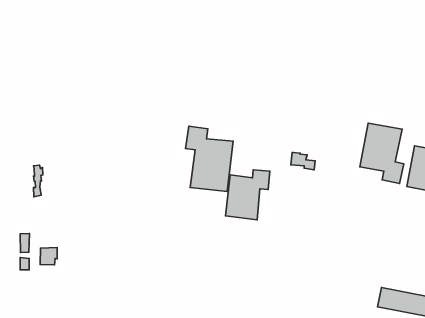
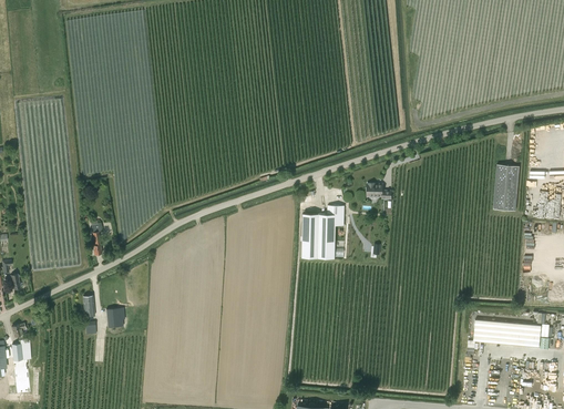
building: [360,123,404,183] -> none
building: [186,126,233,191] -> none

